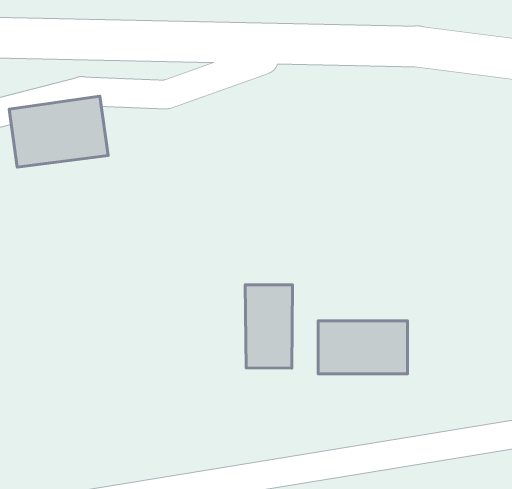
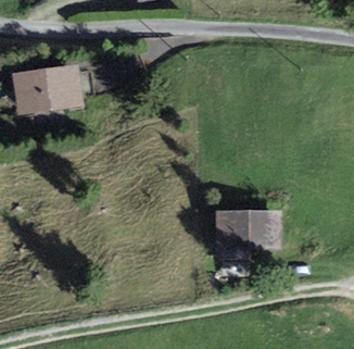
building: [245,285,292,368] -> none

